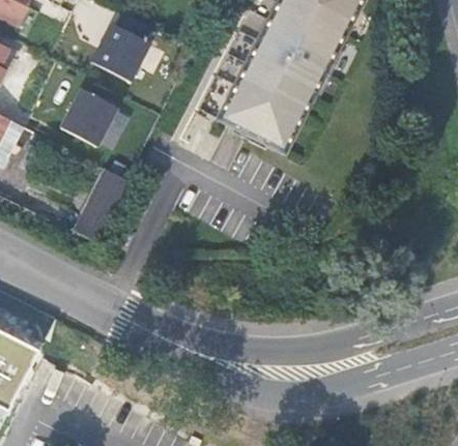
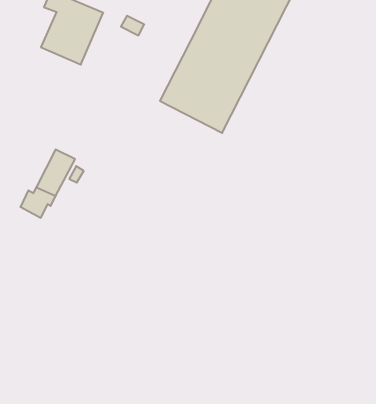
building: [61,89,118,148] -> none

